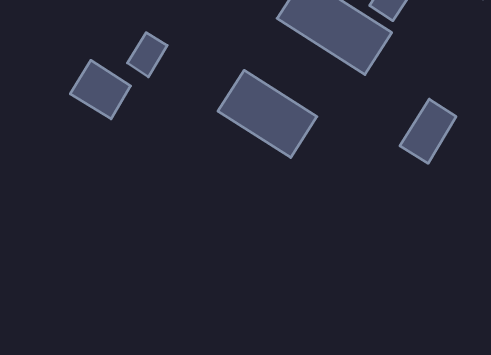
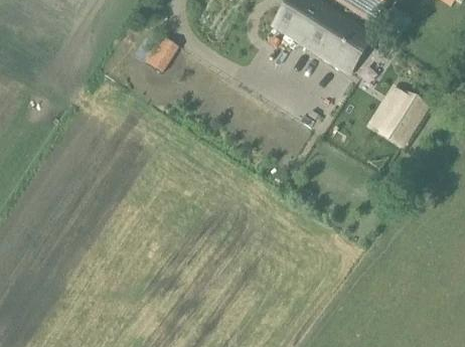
building: [70,60,131,119] -> none
building: [218,70,317,158] -> none

